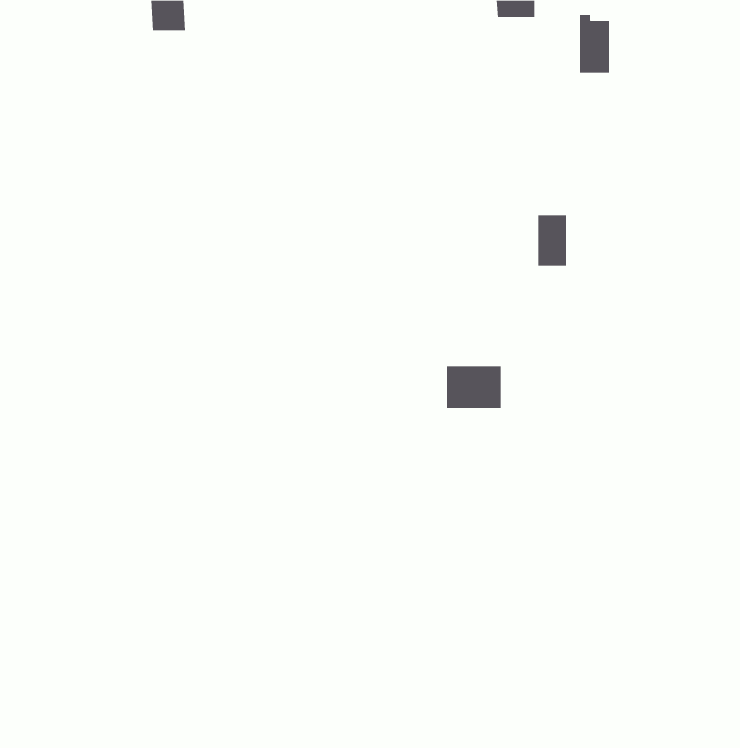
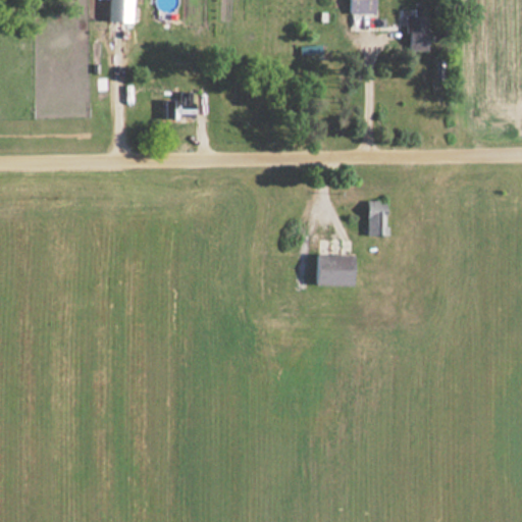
building: none -> [167,92,196,119]
building: [537,215,567,266] -> [368,201,388,237]

